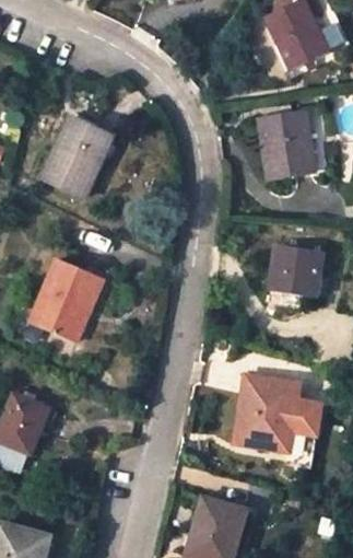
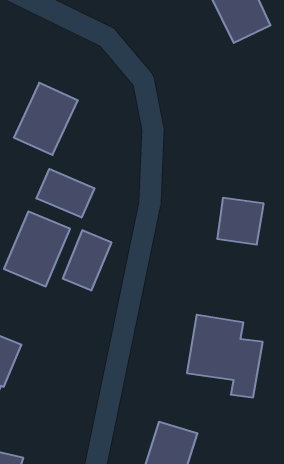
building: [259,111,314,177] -> none
building: none -> [36,169,94,218]
building: none -> [63,230,111,291]

